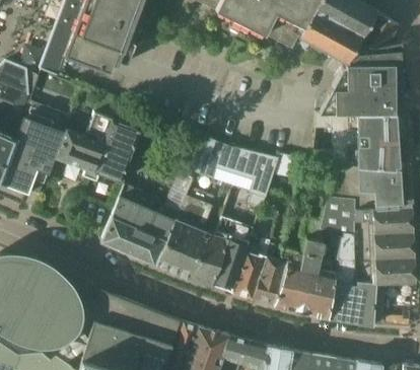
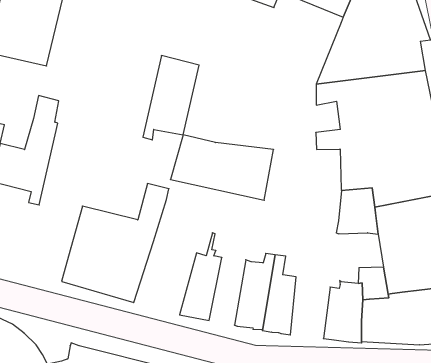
building: [90,118,141,182] -> [143,56,199,140]
building: [154,188,214,279] -> none
building: [273,218,324,311] -> none
building: [211,219,253,292] -> none
building: [330,233,352,262] -> none

